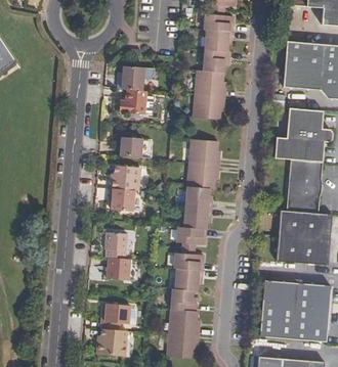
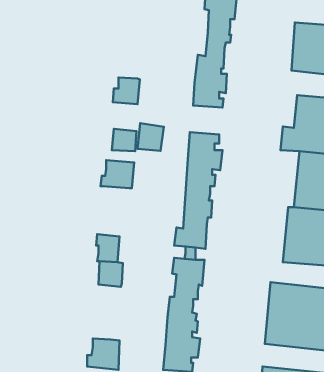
building: [118,68,143,92] -> none
building: none -> [138,123,164,151]
building: [110,190,135,214] -> none
building: [100,304,129,330] -> none

